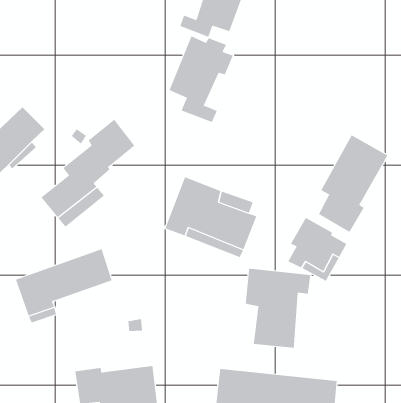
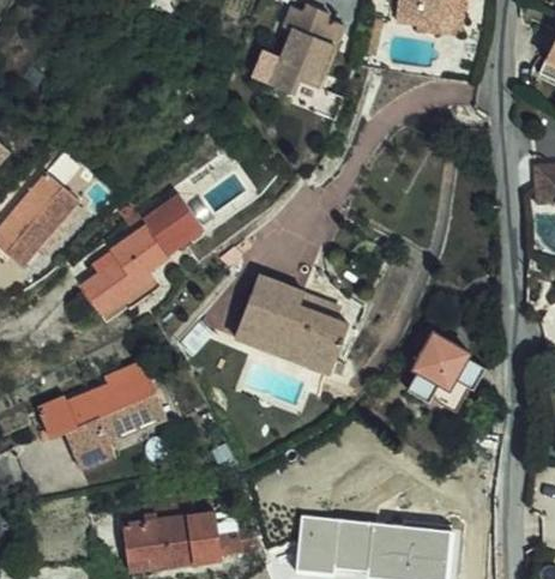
building: [169,36,233,123] -> none
building: [318,134,388,233] -> none
building: [245,268,311,349] -> none

